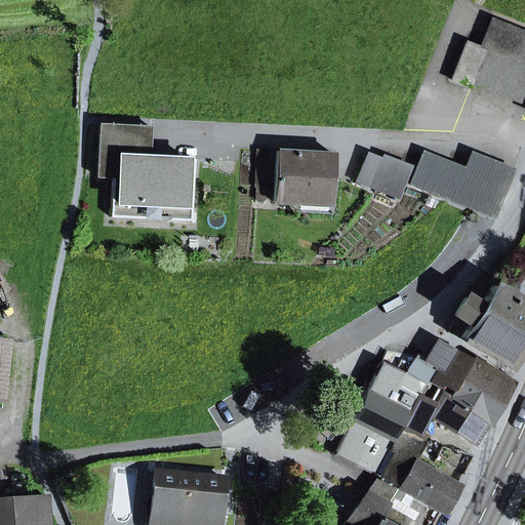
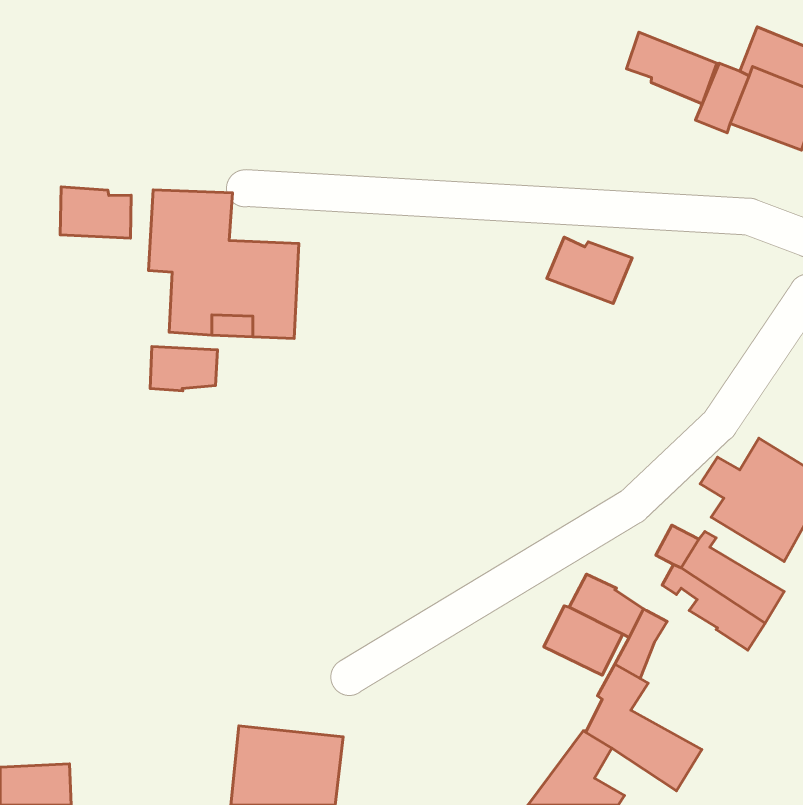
building: none -> [626,32,717,104]
building: none -> [60,187,131,238]
building: [276,150,337,202] -> none
building: [412,153,516,216] -> none
building: none -> [150,346,217,391]
building: [402,355,440,396] -> none
building: [437,393,488,442] -> none

